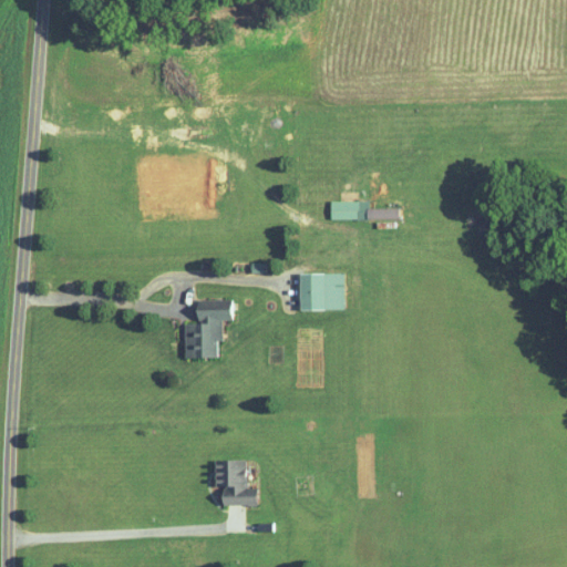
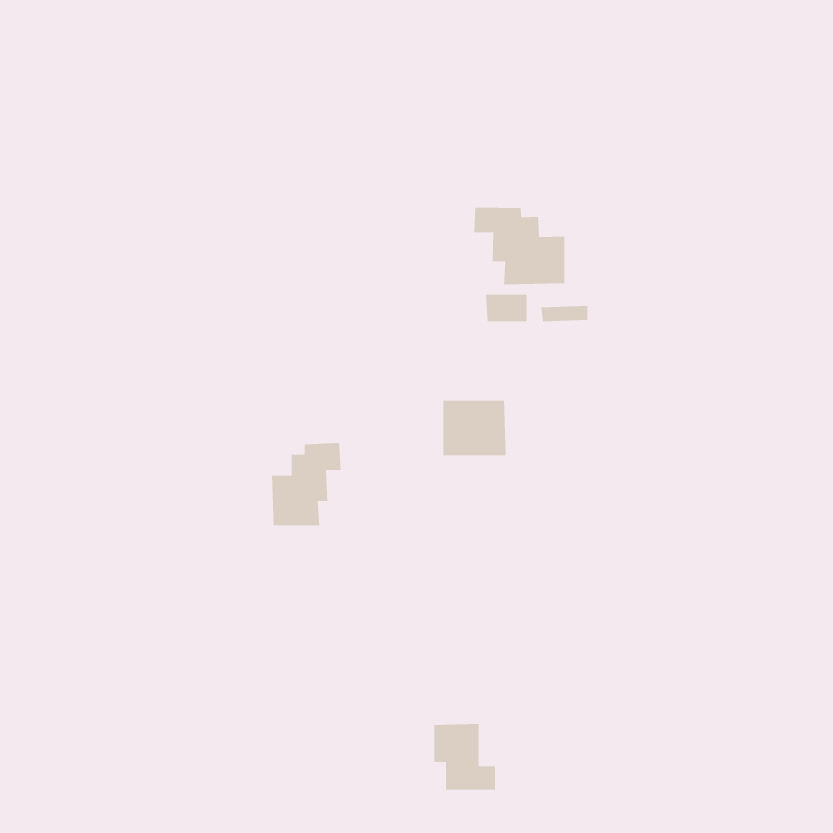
building: none -> [474,207,565,285]
building: [215,460,257,505] -> [434,723,496,790]

